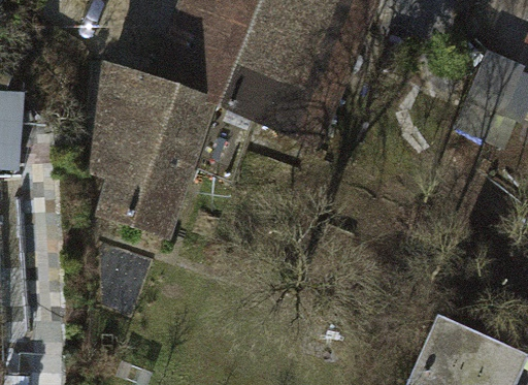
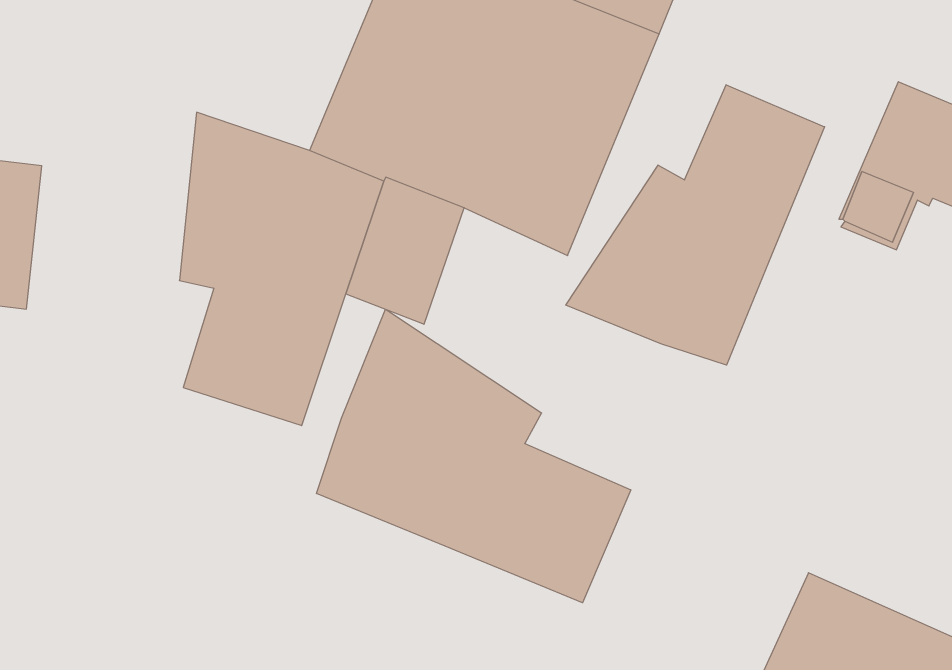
building: none -> [566,85,825,365]
building: none -> [317,309,631,603]

